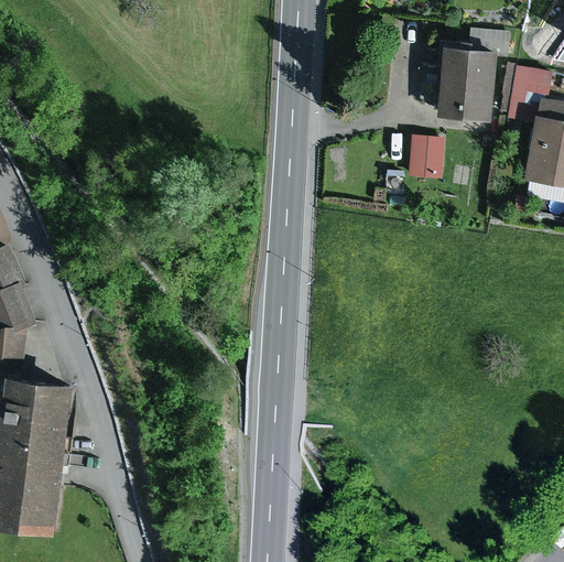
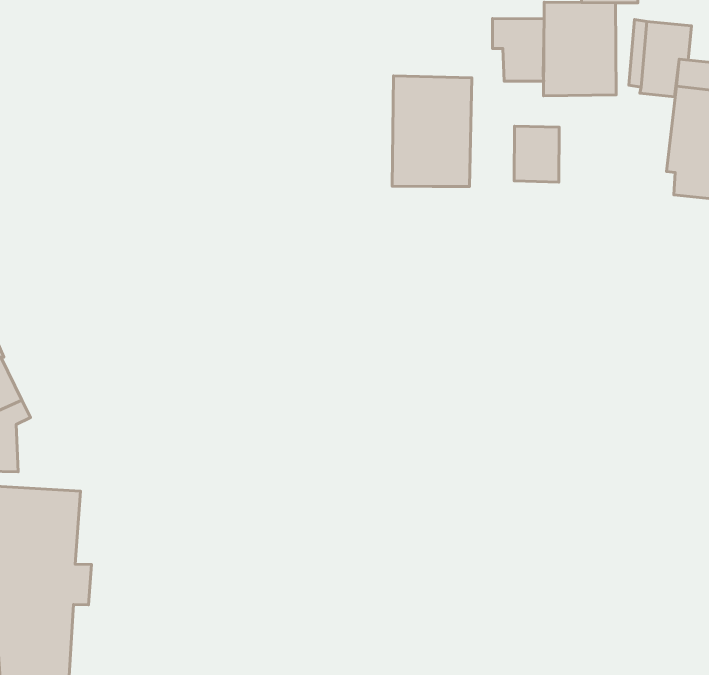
building: none -> [493,19,544,81]
building: none -> [392,76,472,187]

